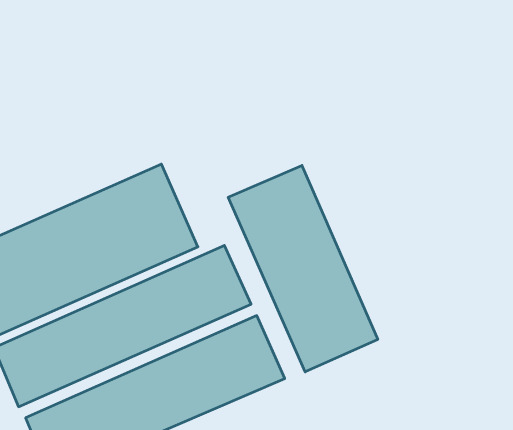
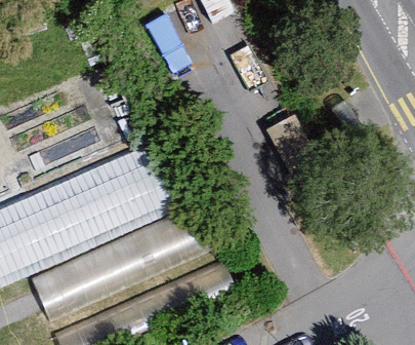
building: [228,165,378,372] -> none

